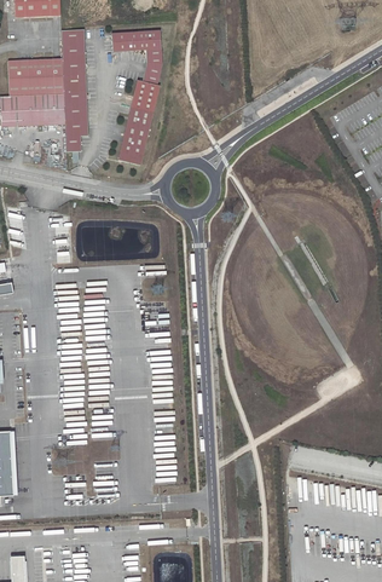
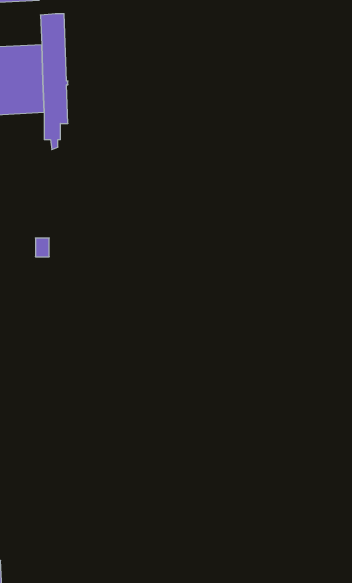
building: [111,28,162,162] -> none

